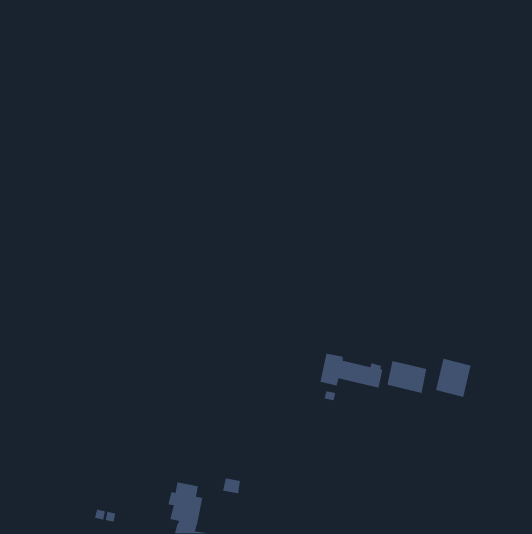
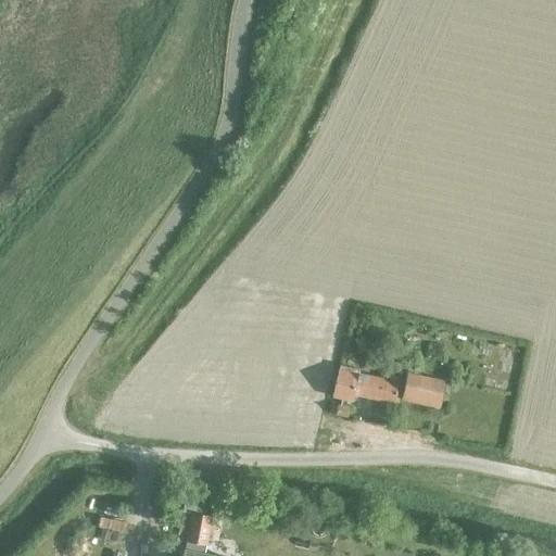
building: [435,358,471,398] -> none

